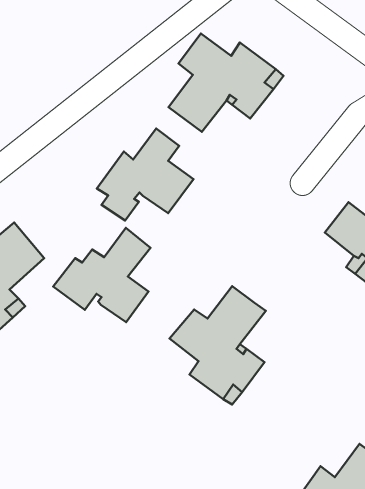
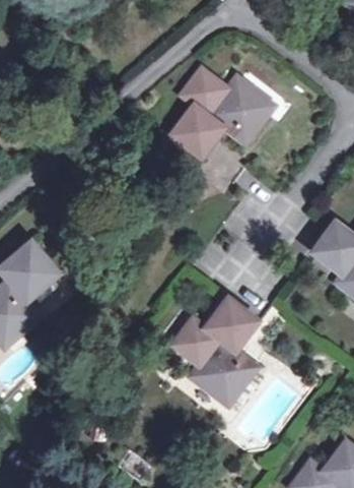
building: [97,129,193,220] -> none
building: [53,228,151,322] -> none

